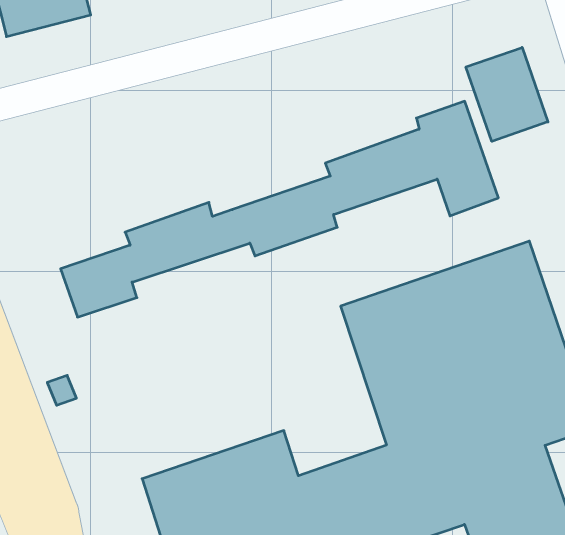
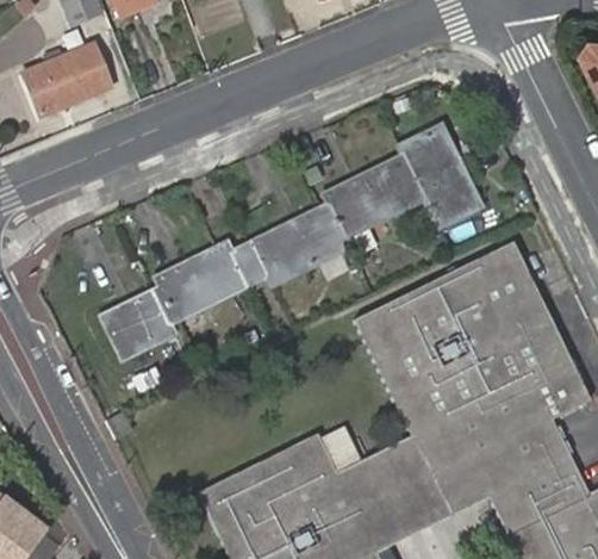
building: [466,47,548,141] -> none

